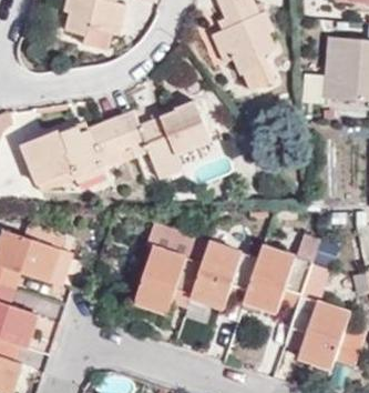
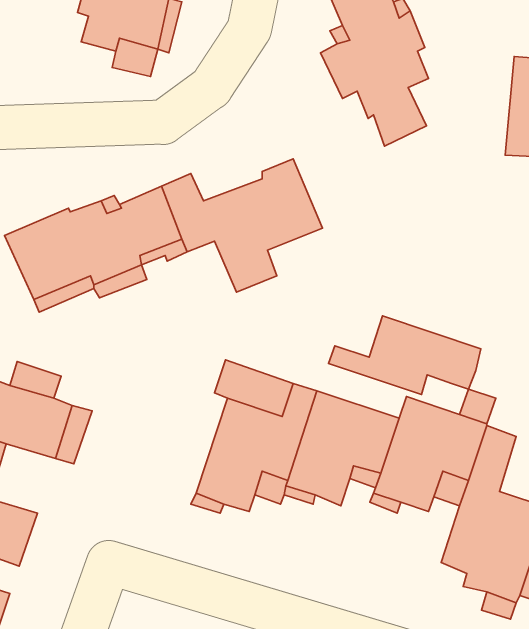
building: none -> [329,316,481,395]

